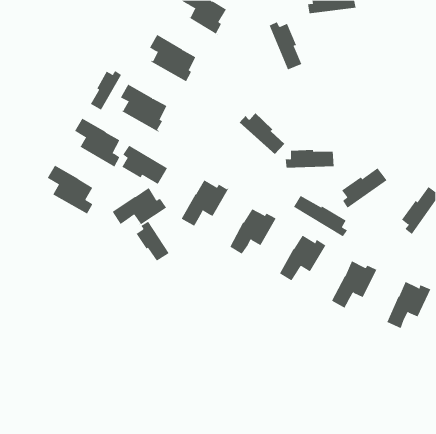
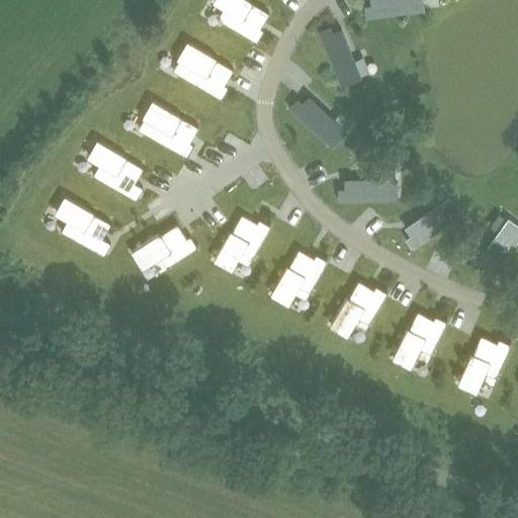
building: [90,70,122,111] -> none
building: [239,112,285,155] -> [289,97,344,148]
building: [121,145,168,185] -> none
building: [293,195,348,237] -> none
building: [136,221,170,261] -> none

